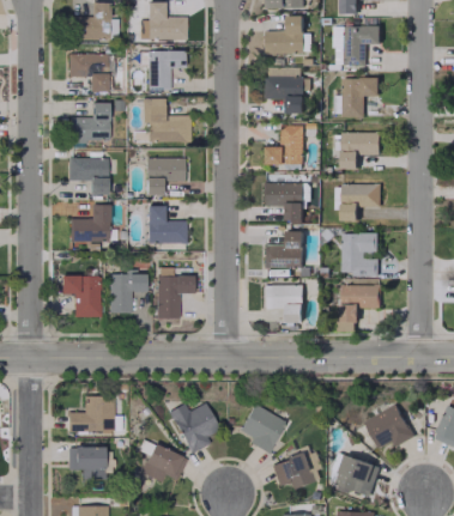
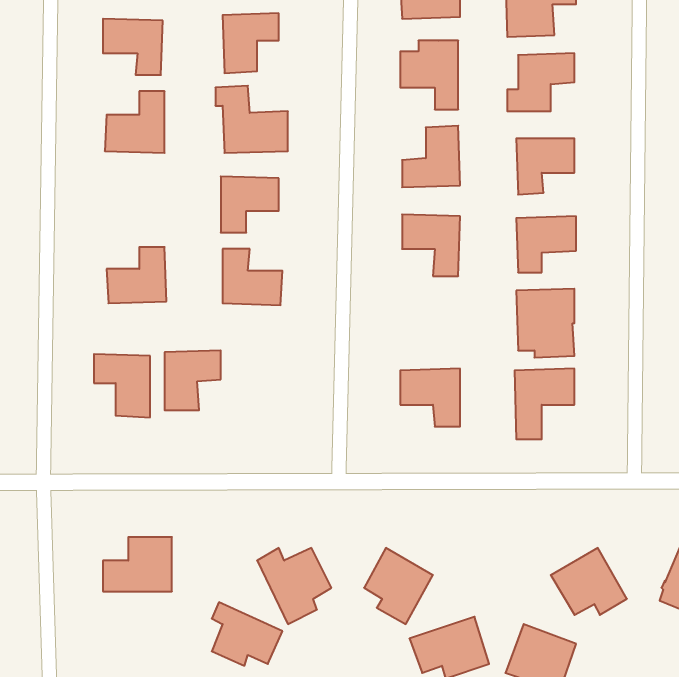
building: [68,158,108,195] -> none
building: [264,231,304,269] -> none
building: [157,268,194,318] -> none
building: [68,448,113,480] -> none

